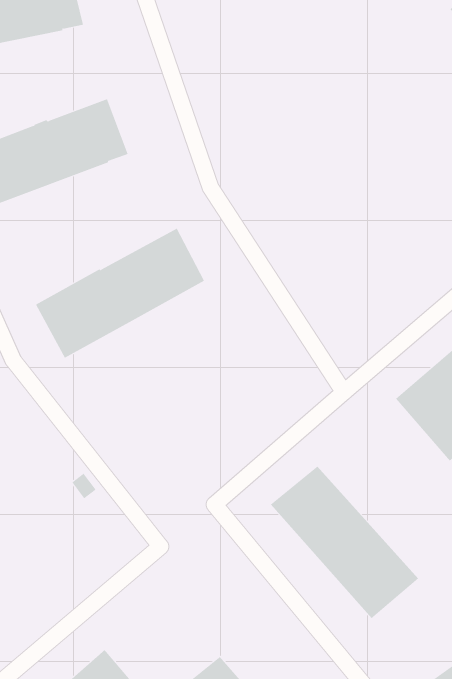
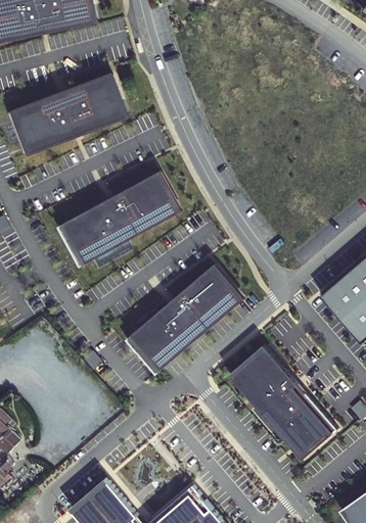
building: none -> [126,264,245,375]

